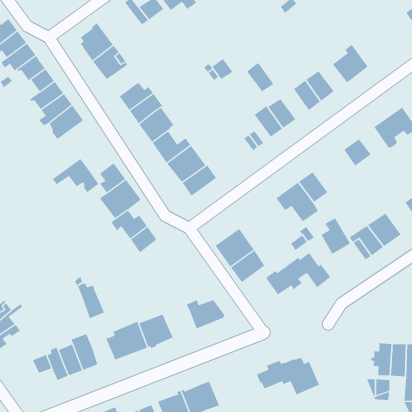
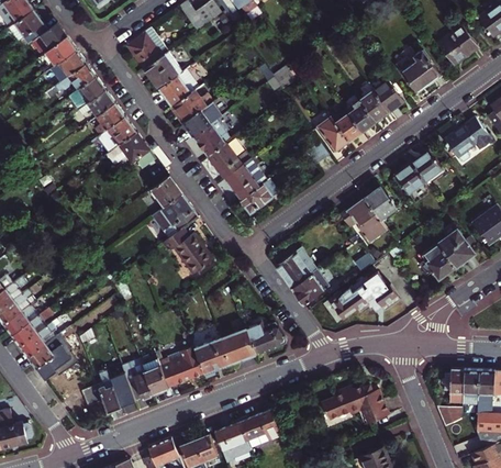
building: none -> [437,26,476,65]
building: [246,62,274,92] -> [345,99,375,131]
building: none -> [159,76,190,107]
building: none -> [394,164,424,193]
building: [52,158,99,193] -> [104,132,155,169]
building: [321,217,351,255] -> none
building: [77,283,105,319] -> [138,356,168,394]
building: none -> [220,328,255,364]

